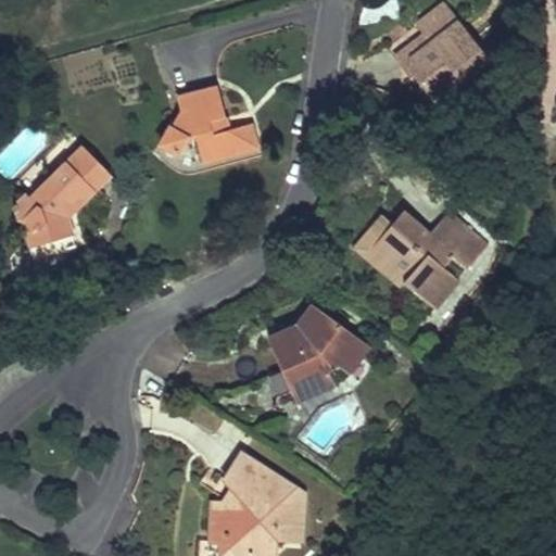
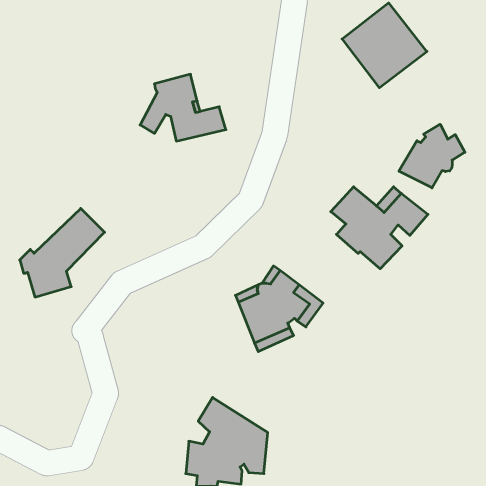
building: none -> [399,124,465,188]
building: [14,147,111,248] -> [20,208,105,297]
building: [354,217,408,293] -> none

